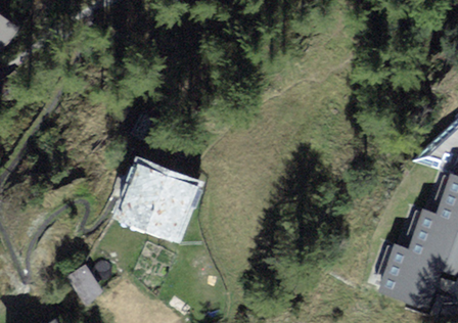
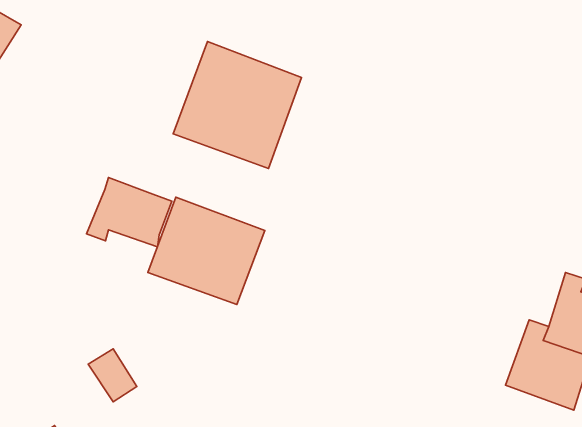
building: none -> [173,42,302,169]
building: none -> [87,178,172,247]

